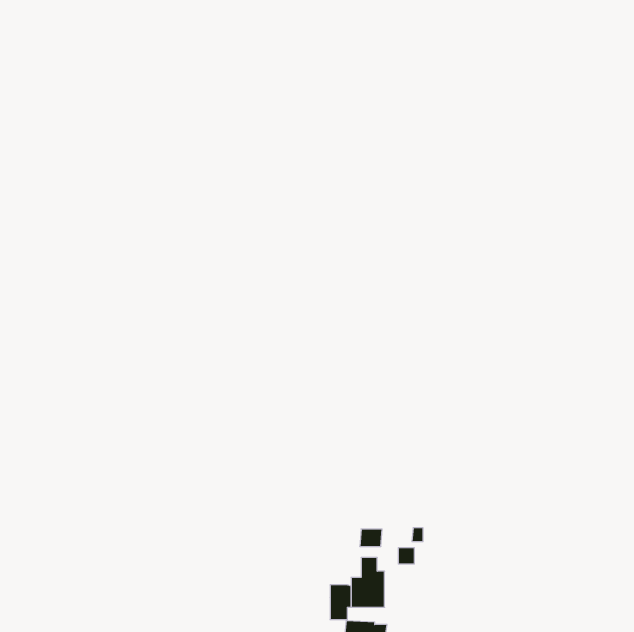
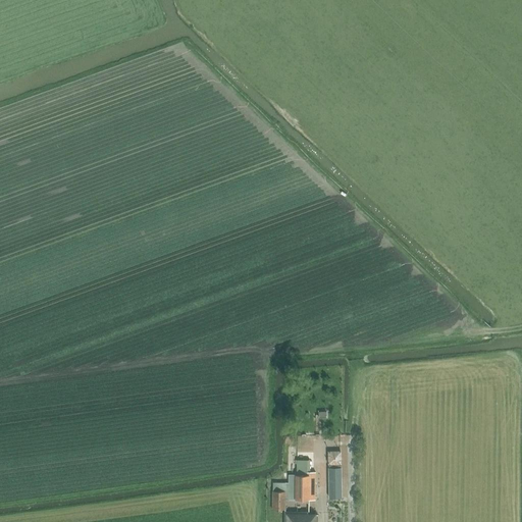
building: none -> [328,468,343,500]

